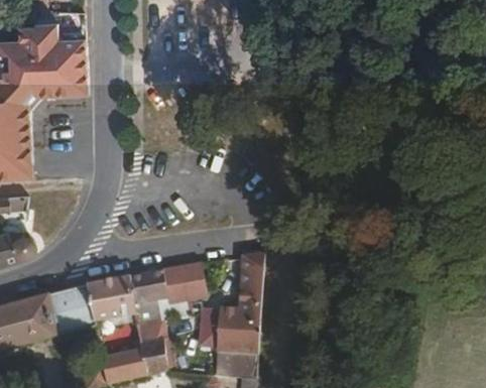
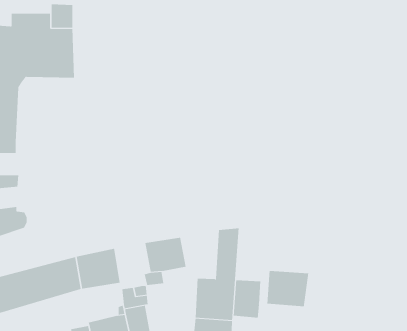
building: [128,270,165,320] -> none
building: none -> [267,270,309,307]
building: none -> [233,280,261,318]

